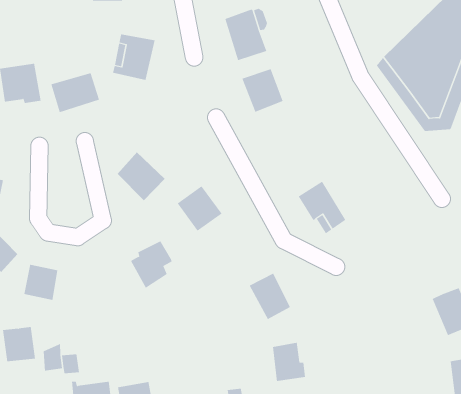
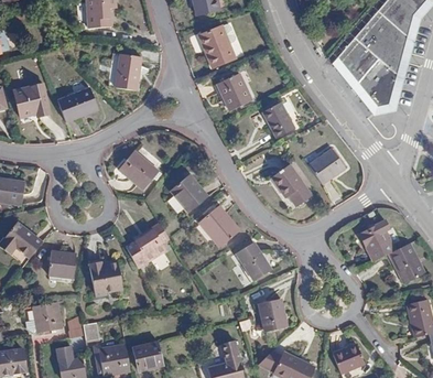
building: none -> [261,101,295,138]
building: none -> [308,147,346,184]
building: none -> [198,205,240,248]
building: none -> [357,222,396,262]
building: none -> [88,261,122,294]

